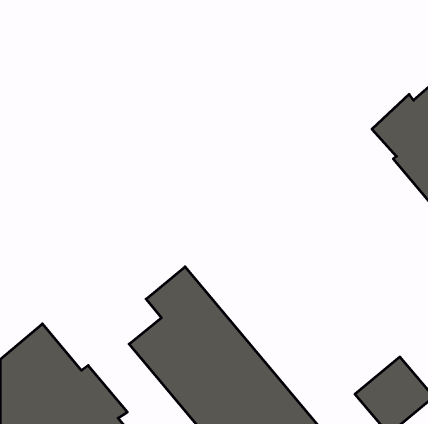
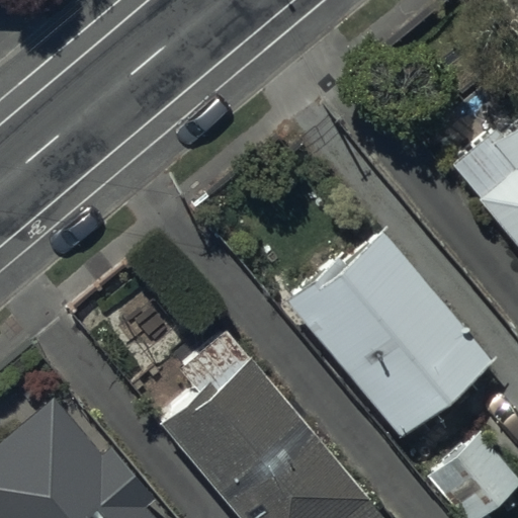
building: none -> [284,234,492,438]

